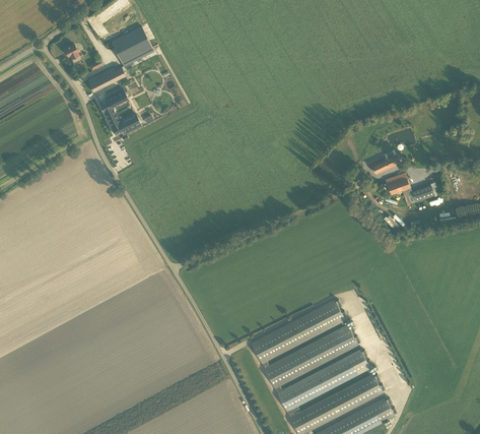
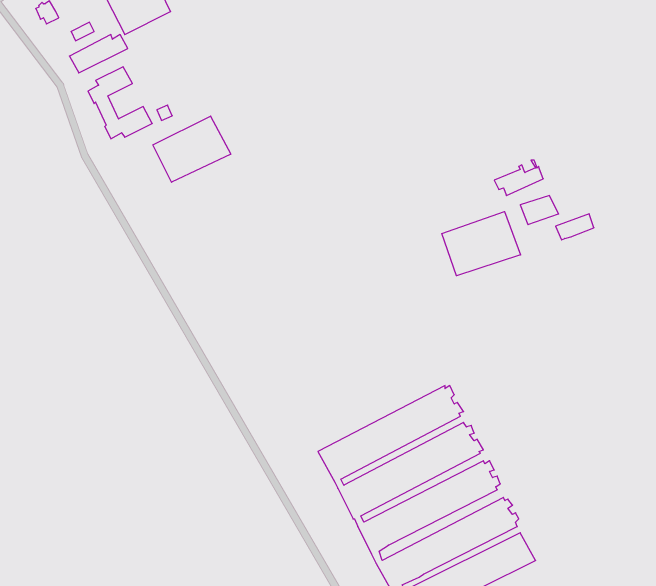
building: none -> [153,116,231,182]
building: none -> [442,212,521,276]

